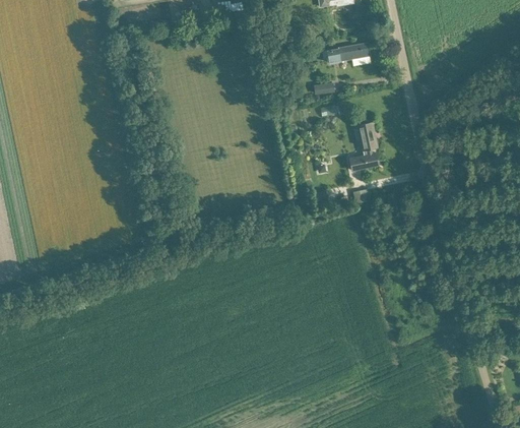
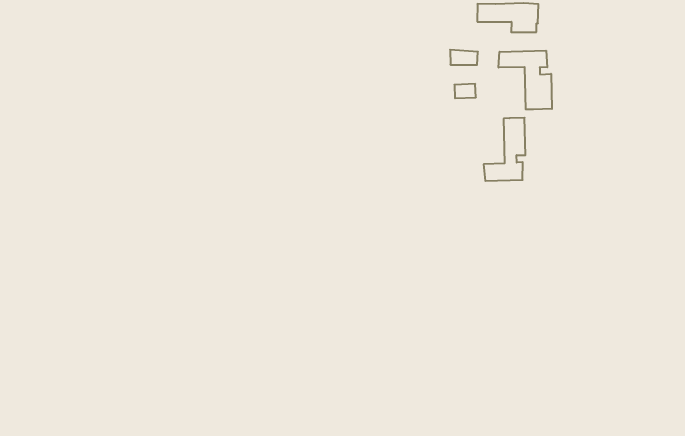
building: none -> [499,51,552,109]

